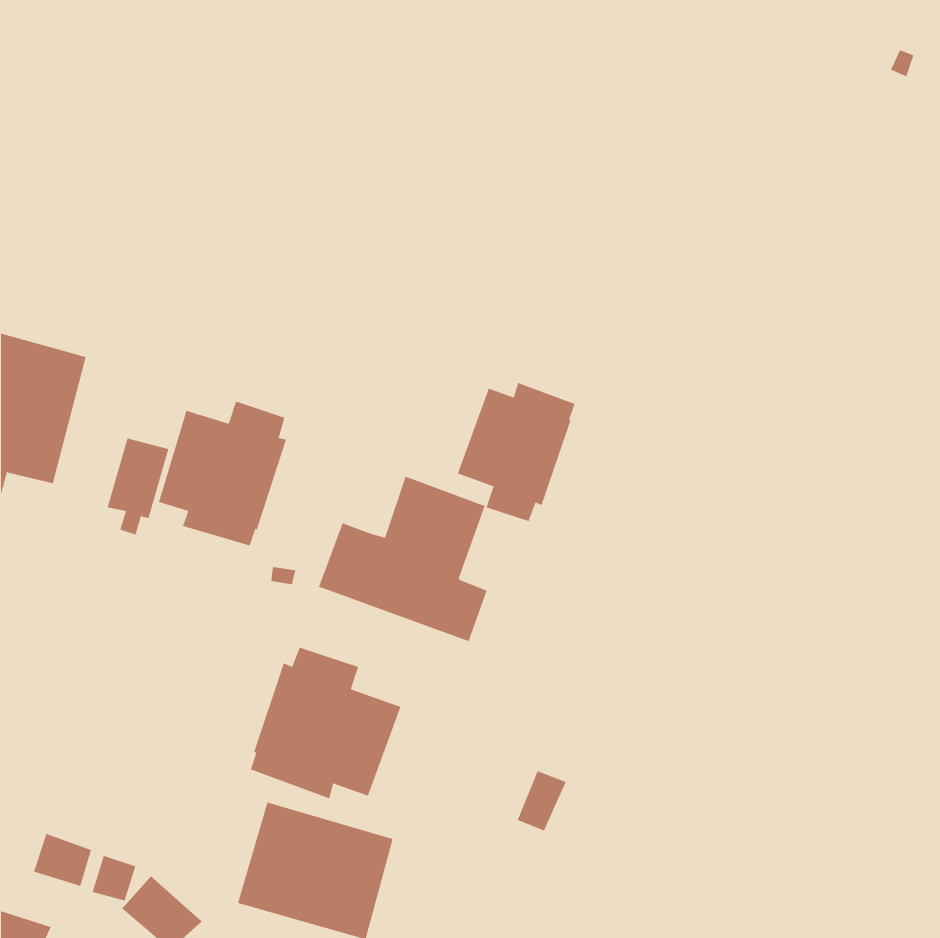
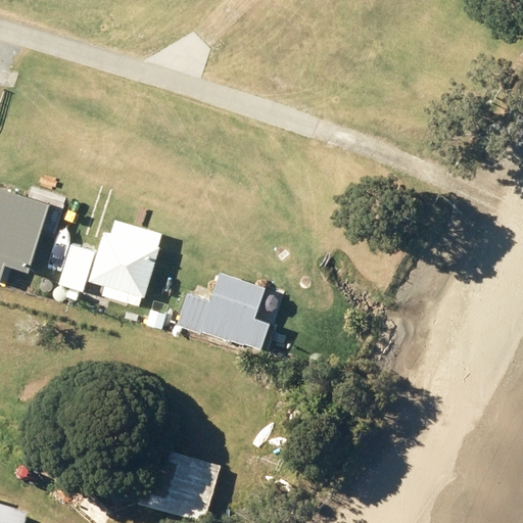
building: [457,382,575,522] -> none
building: [250,647,401,799] -> none

